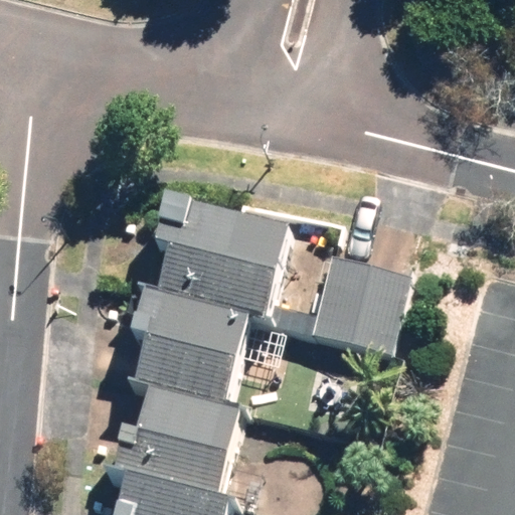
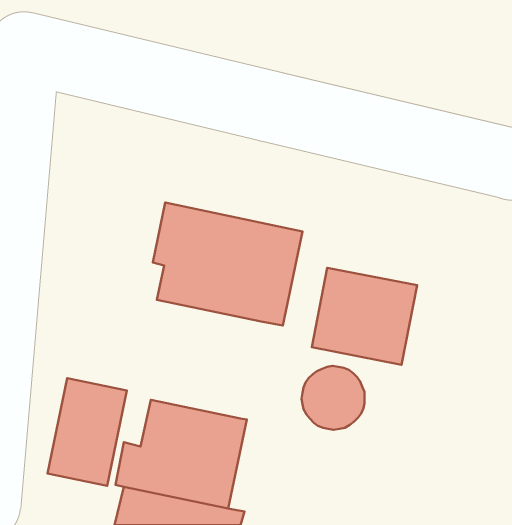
building: [130,289,254,407] -> none
building: none -> [47,378,127,486]

